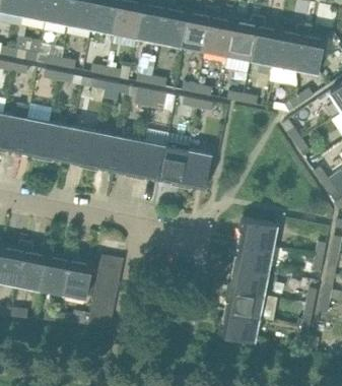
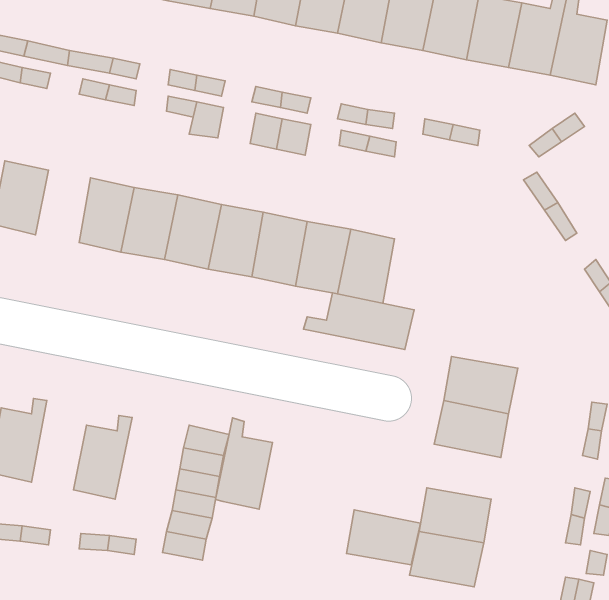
building: [19,120,49,158] -> none
building: none -> [304,293,414,349]
building: [17,243,47,291] -> none
building: [62,252,92,301] -> [216,418,273,509]
building: [228,266,268,296] -> [346,510,421,565]

